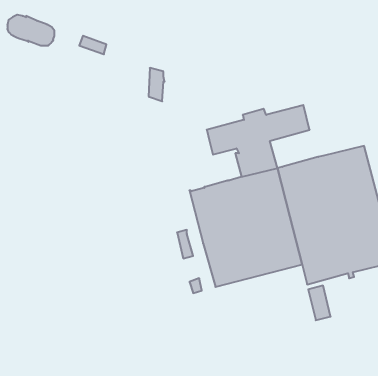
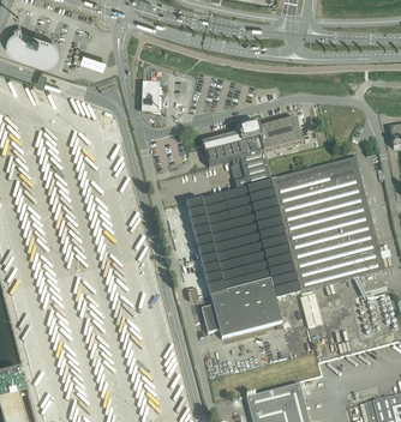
building: none -> [200,272,299,337]

